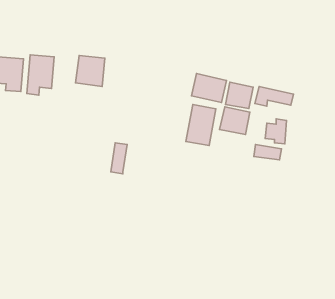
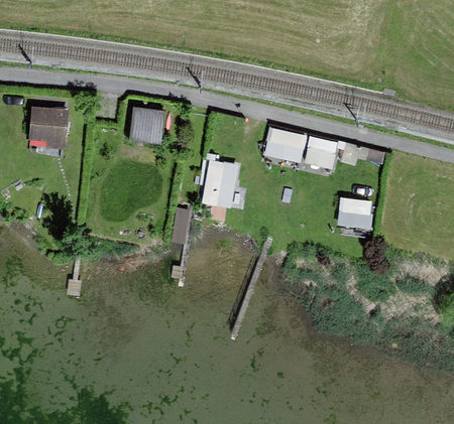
building: [27,55,54,95] -> none
building: [186,105,216,146] -> [202,160,237,208]
building: [219,107,250,134] -> none

